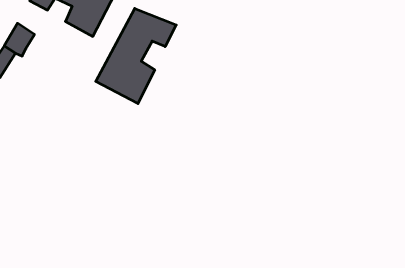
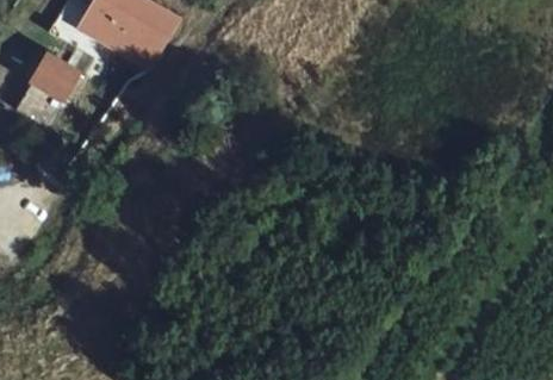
building: [96,8,176,104] -> none

